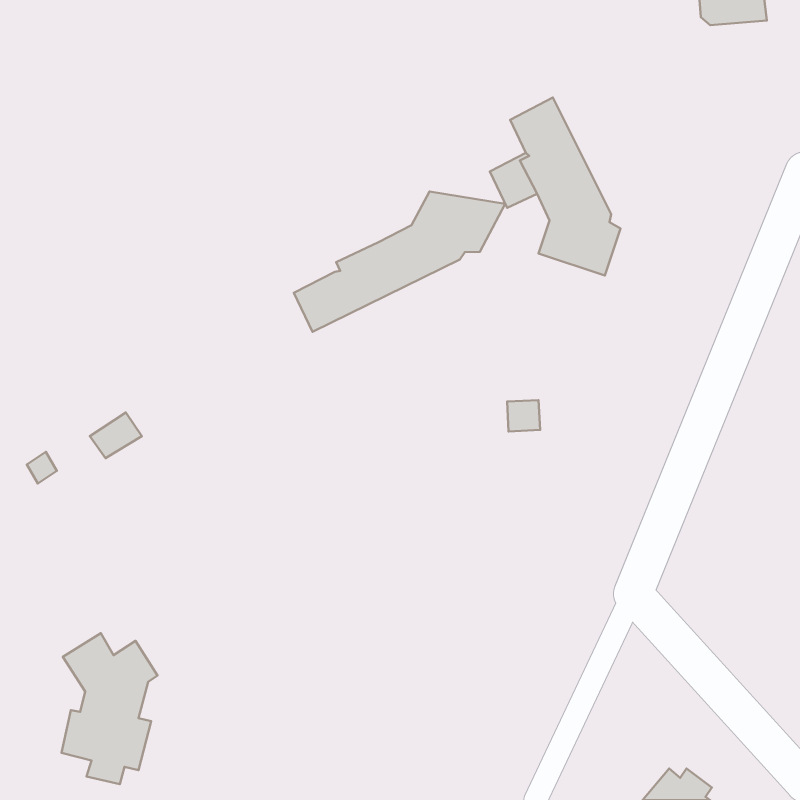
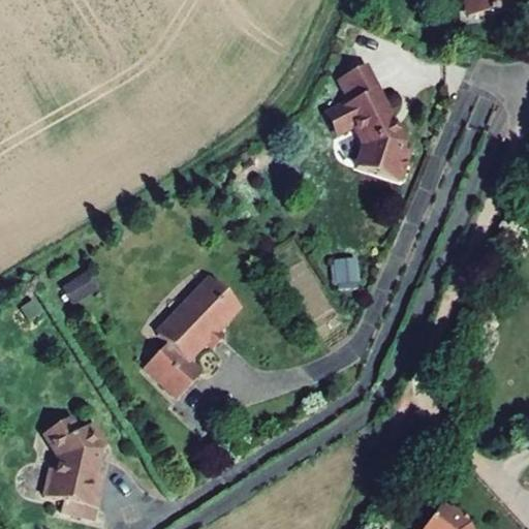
building: [294,192,505,332] -> none
building: none -> [145,277,239,396]

